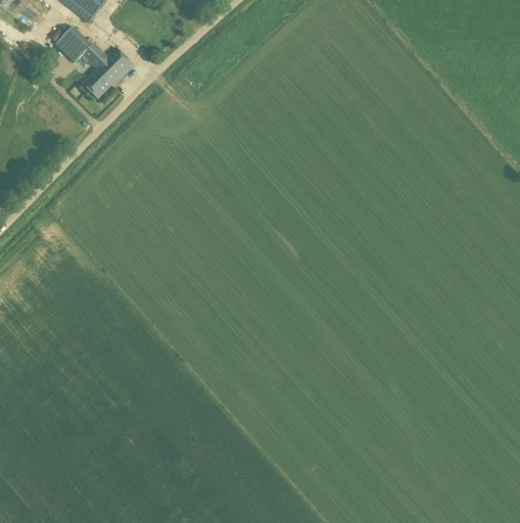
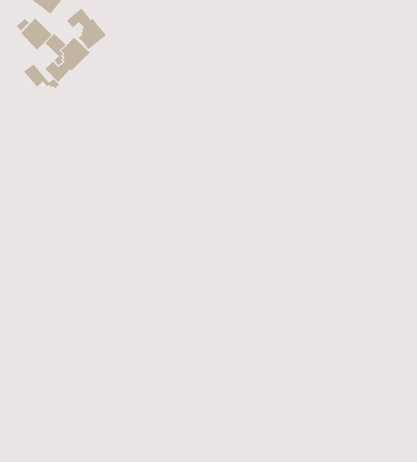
building: none -> [66,7,107,50]
building: none -> [23,63,60,89]

